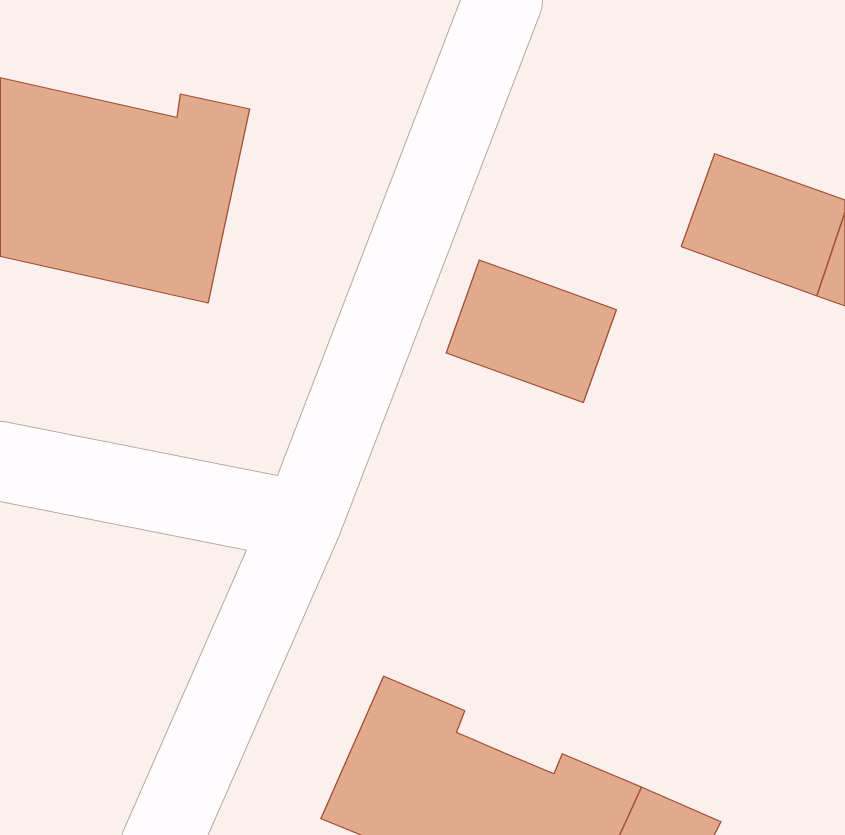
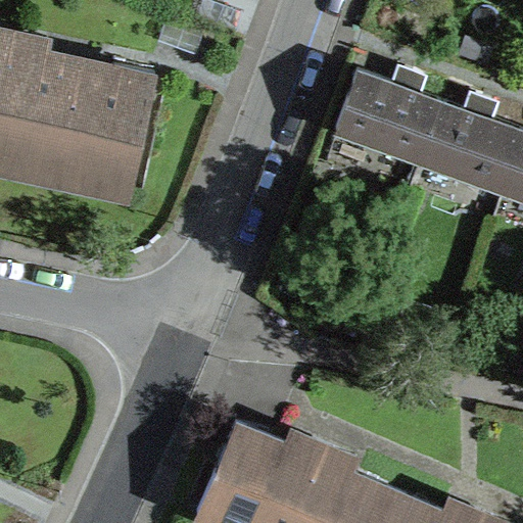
building: [446,260,616,402] -> [336,70,441,158]

